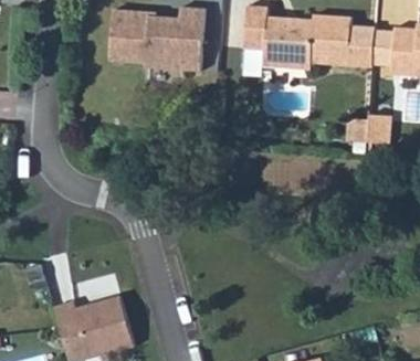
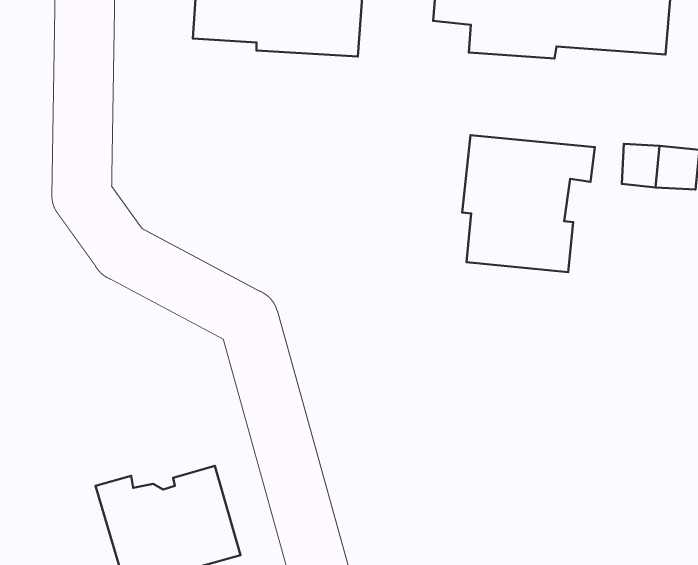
building: none -> [462,135,595,272]

